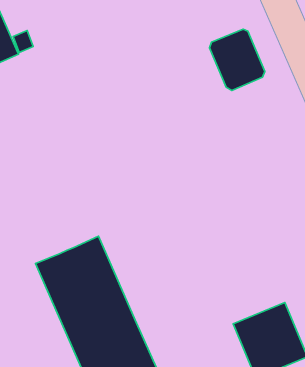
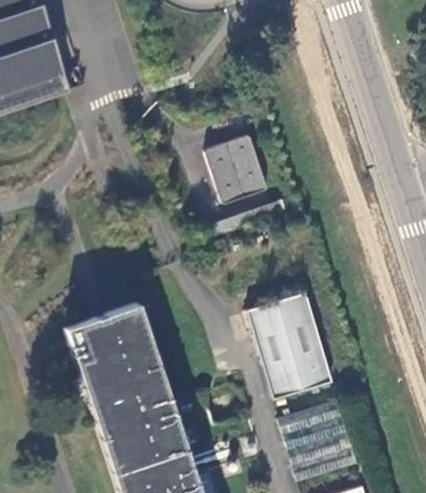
building: [209,29,265,90] -> [206,133,265,201]
building: none -> [248,290,333,397]

